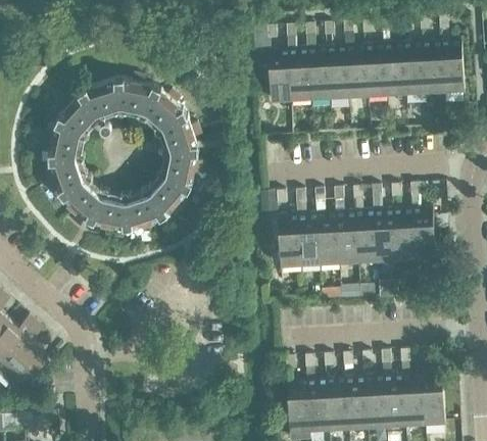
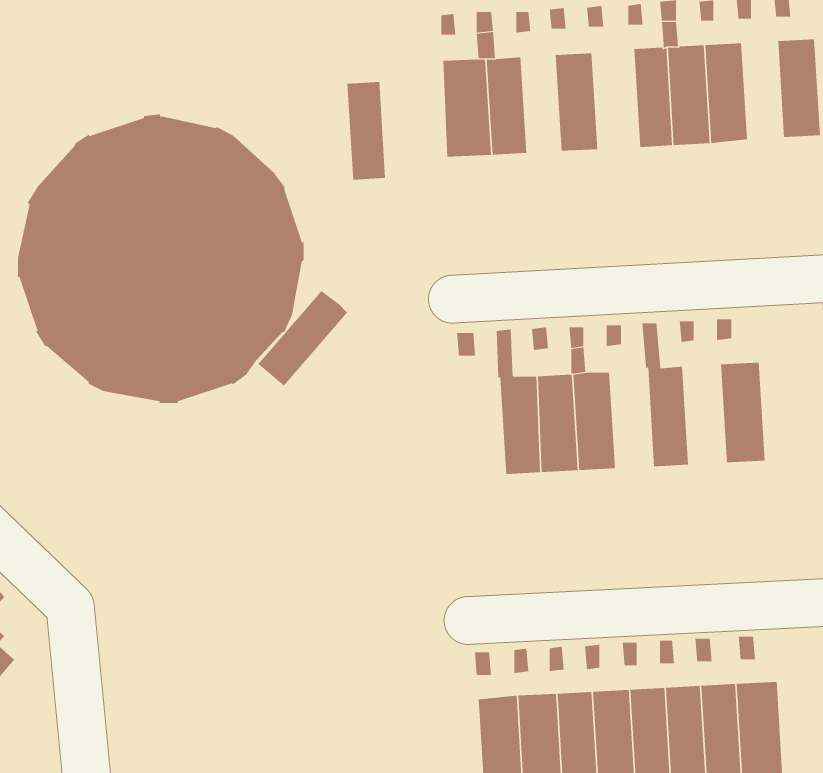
building: [423,43,444,94] -> none
building: [345,47,370,99] -> none
building: [308,50,329,101] -> [347,82,386,180]
building: none -> [258,290,348,386]
building: [392,210,415,262] -> none
building: [354,212,377,264] -> none
building: [277,217,300,268] -> none

